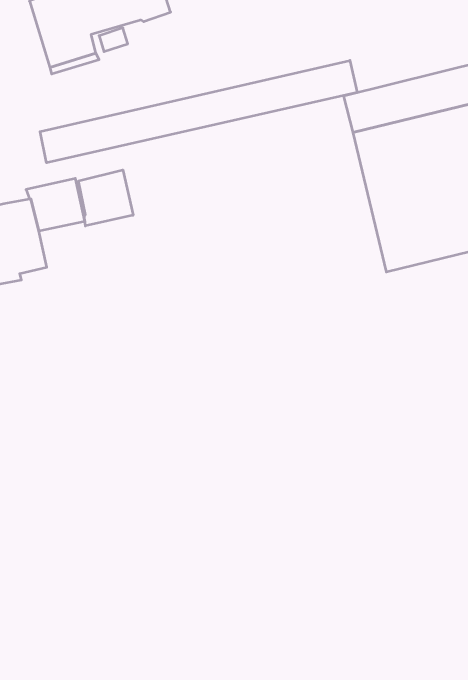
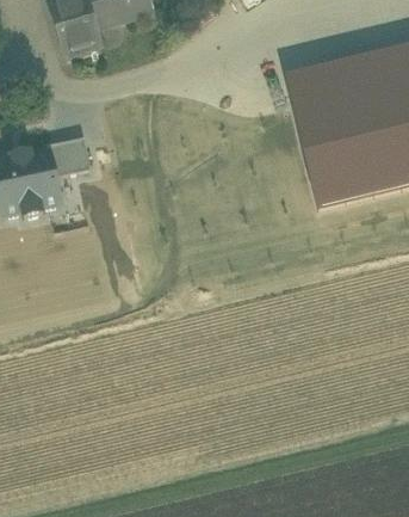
building: [40,60,357,163] -> none
building: [79,170,133,226] -> none

